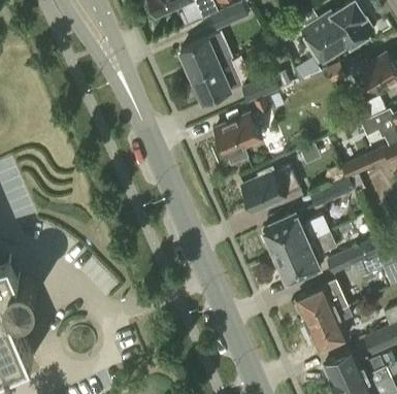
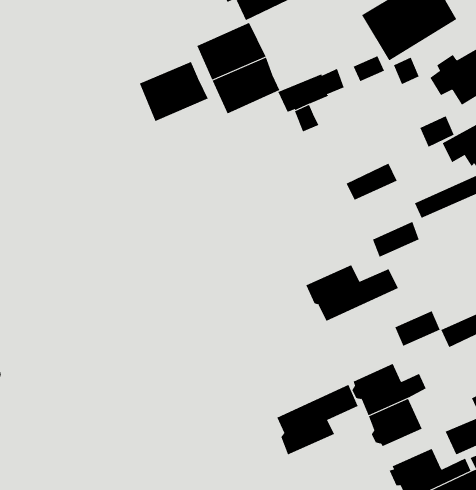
building: none -> [139,61,208,122]
building: [214,116,259,164] -> none
building: [241,166,294,212] -> none
building: [275,233,336,286] -> [276,384,359,455]

